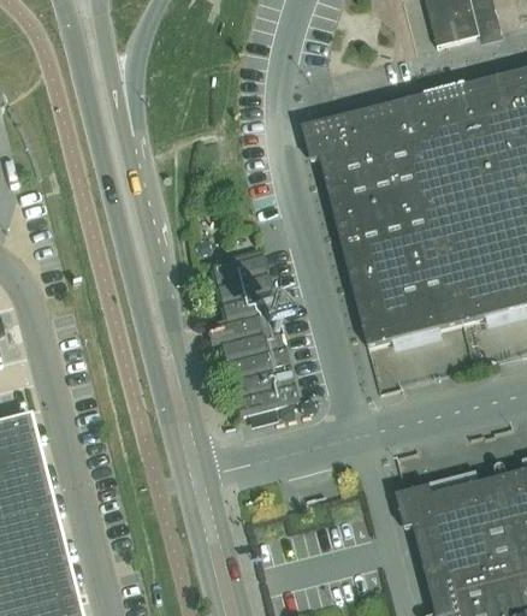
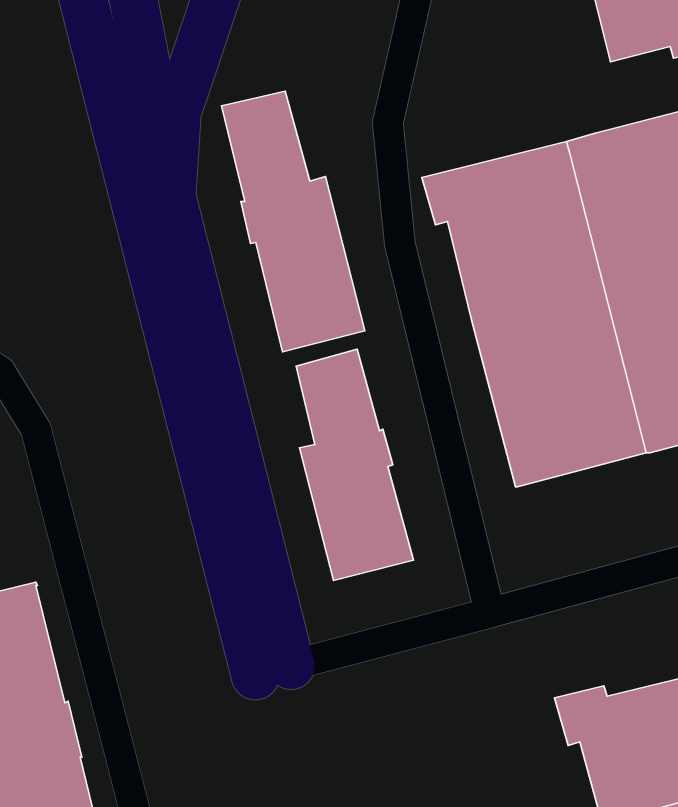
building: none -> [221,91,365,352]

